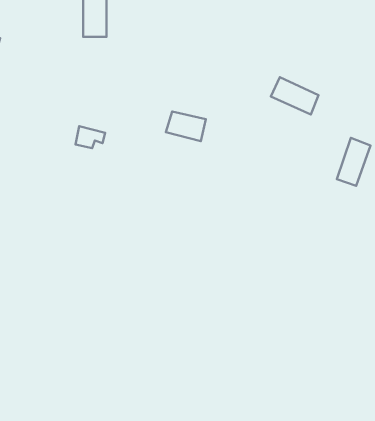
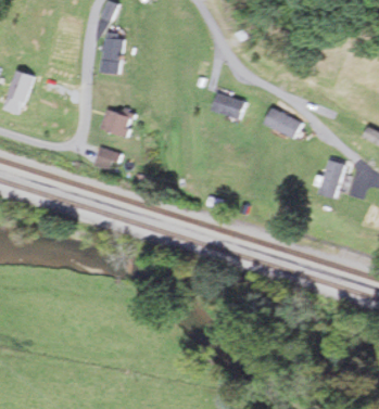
building: none -> [102,108,135,138]
building: [166,112,206,141] -> [210,93,243,118]

